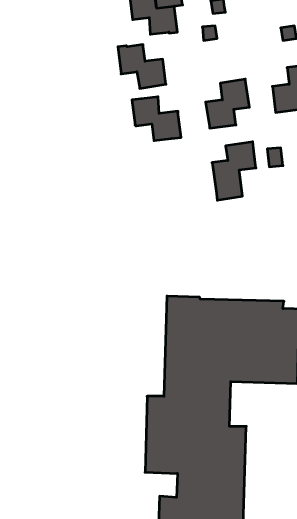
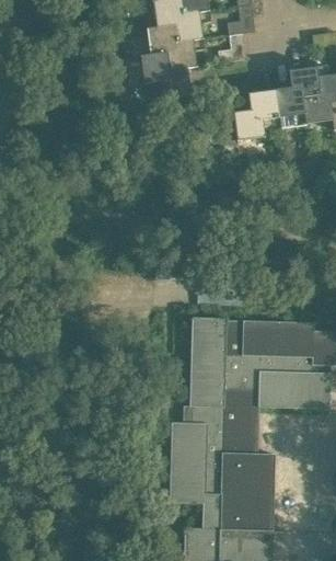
building: [132,97,181,141] -> [146,23,197,69]
building: [212,142,256,200] -> [274,66,320,127]

